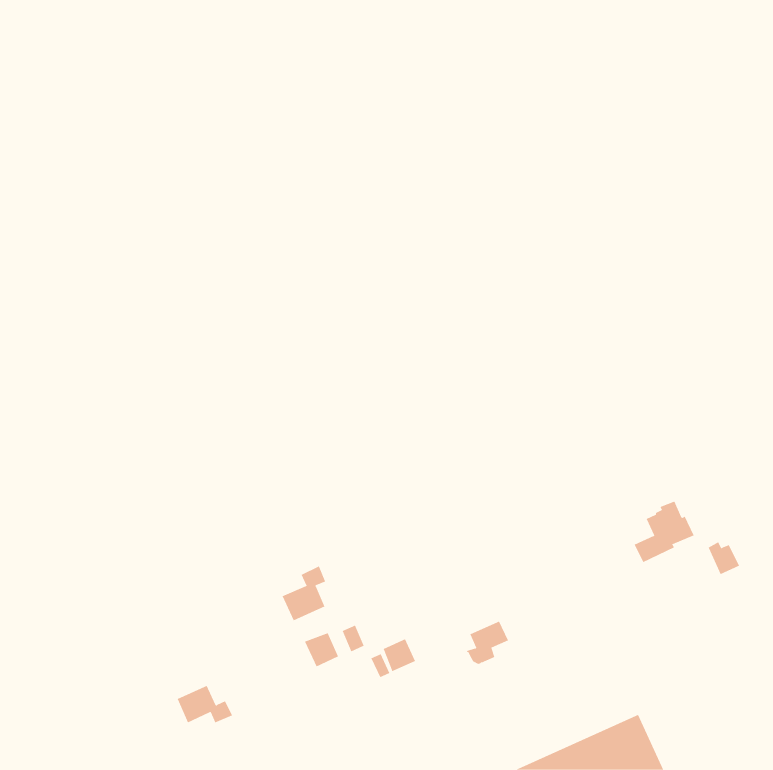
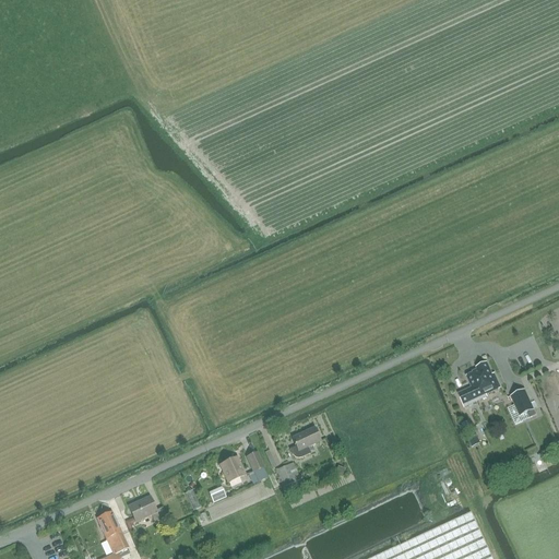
building: [282,565,326,621] -> none
building: [466,621,509,665] -> [289,426,320,457]
building: none -> [96,510,128,550]

